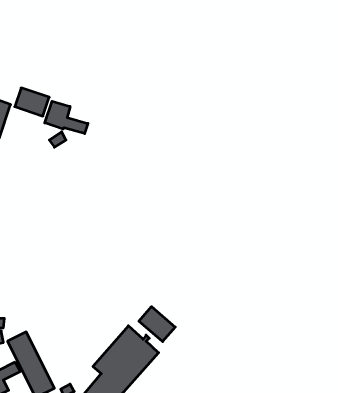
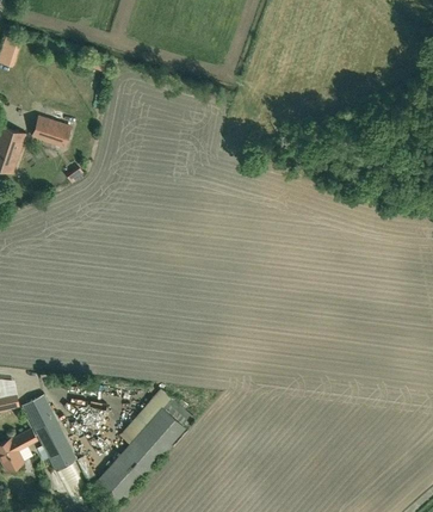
building: [45,101,88,134] -> none
building: [139,307,175,342] -> none

